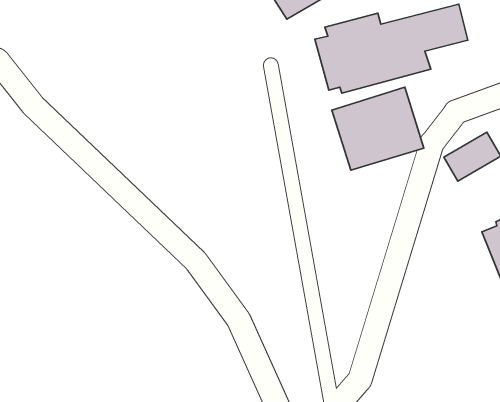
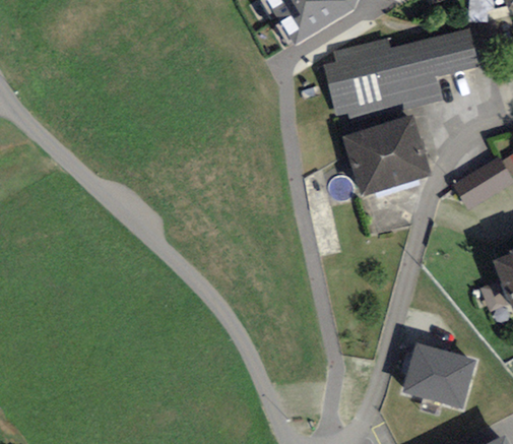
building: none -> [402,343,475,408]

